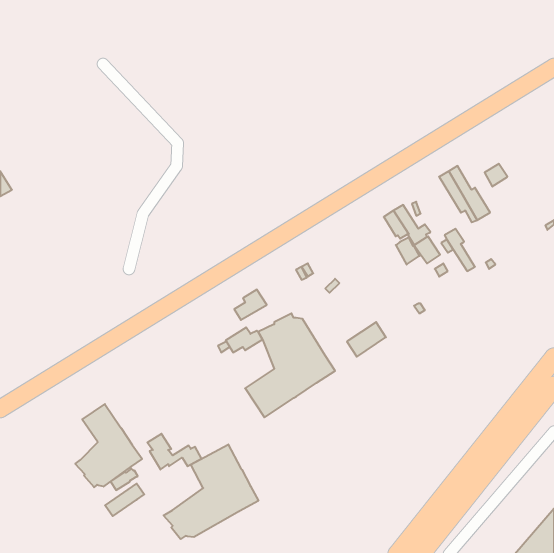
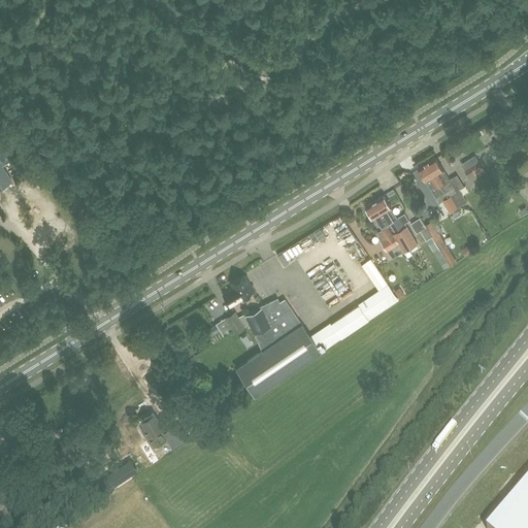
building: [75,404,142,487] -> none
building: [164,444,258,539] -> none

